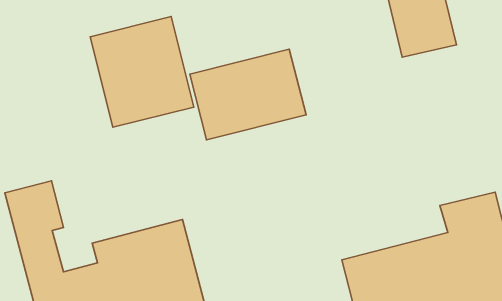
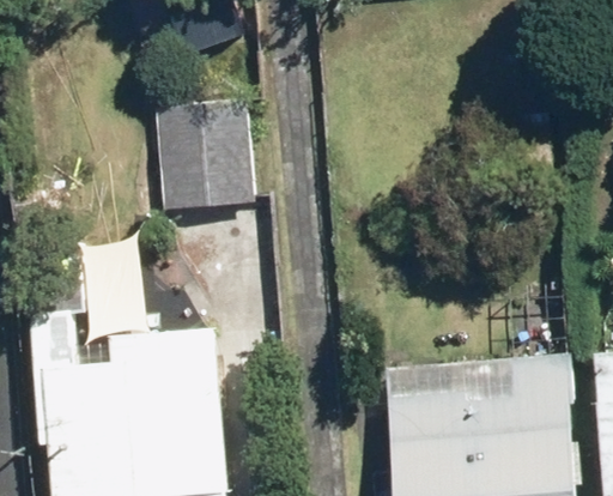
building: [190,49,306,140] -> none

